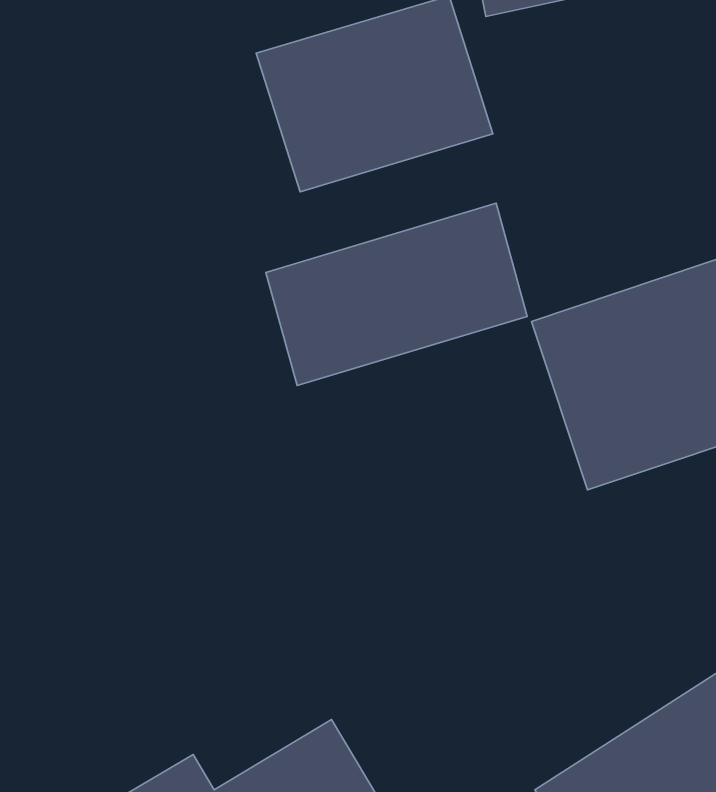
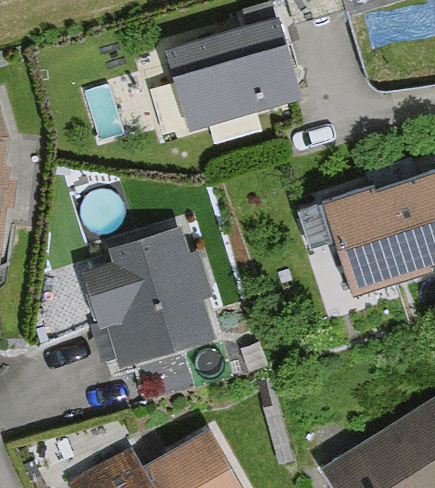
building: [266,203,527,385] -> none
building: none -> [83,231,211,363]

